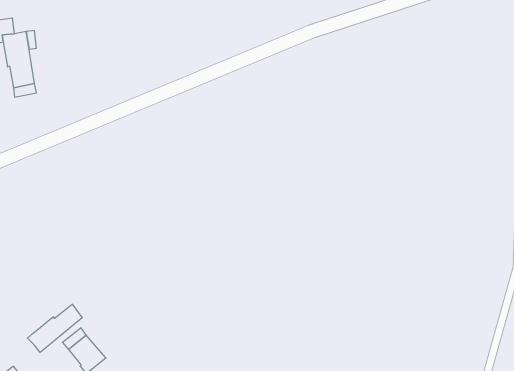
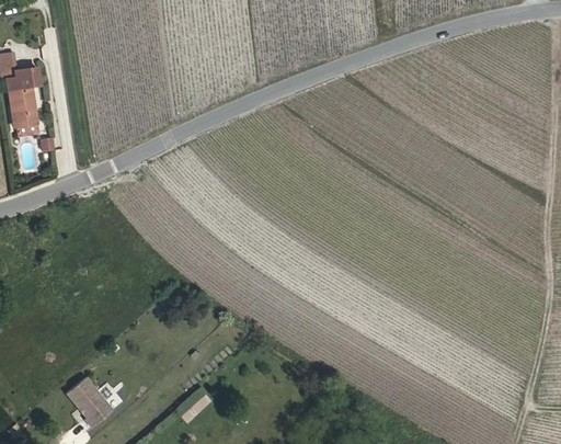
building: [27,304,82,353] -> none

